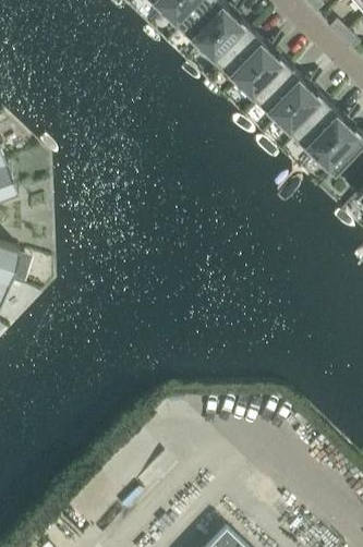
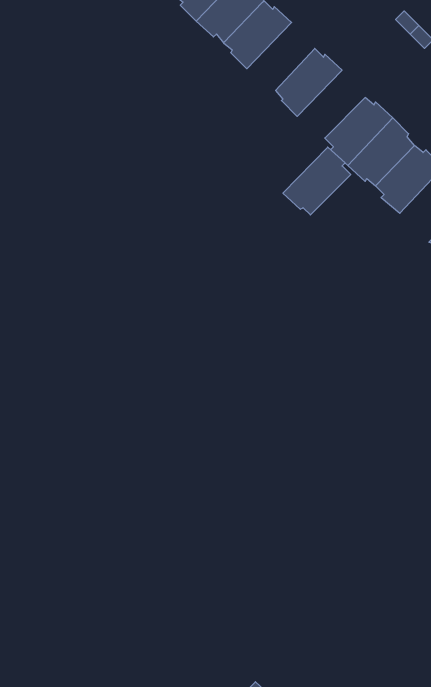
building: [219,34,270,85] -> none
building: [257,70,308,121] -> [283,147,351,215]

